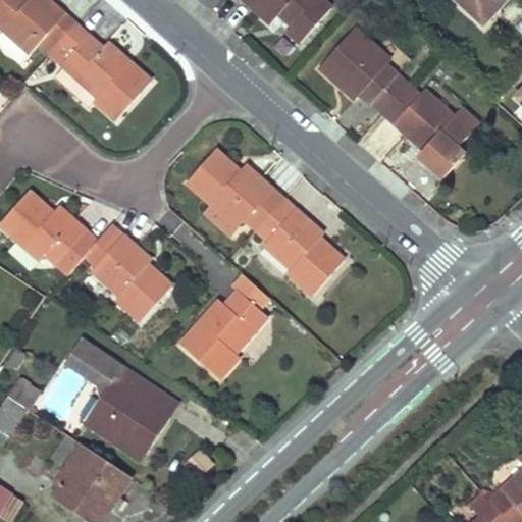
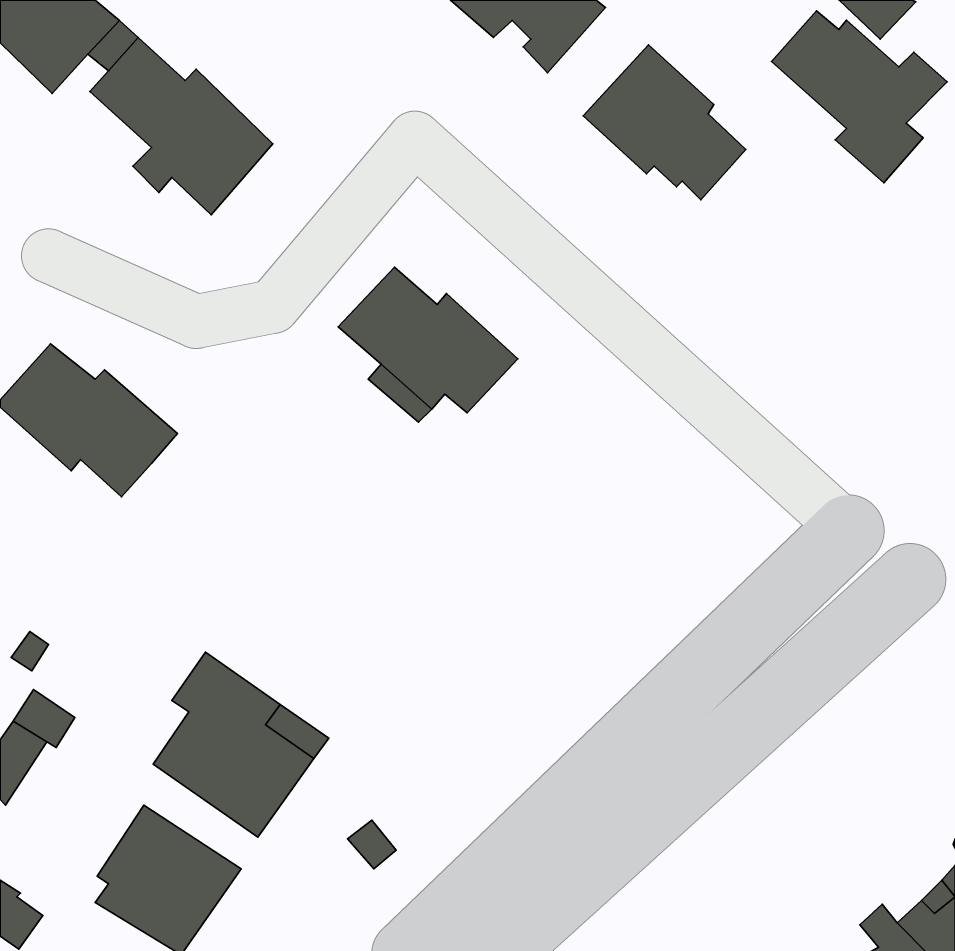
building: [382,84,478,177] -> [772,11,947,183]
building: [255,198,344,295] -> none
building: [83,223,171,320] -> none
building: [178,271,266,376] -> none
building: [64,338,112,384] -> none

